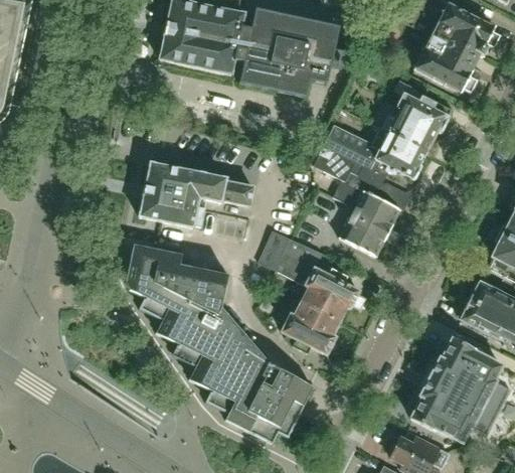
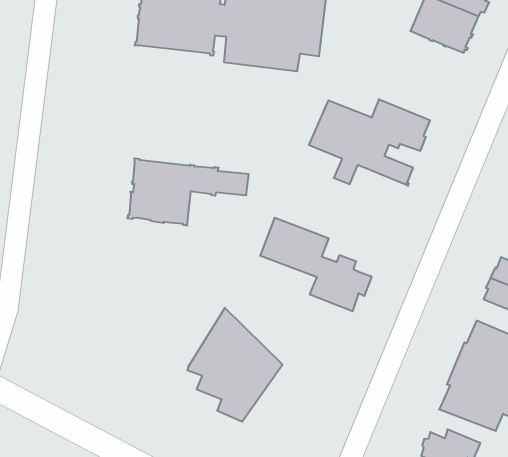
building: [379,81,450,151] -> none
building: [339,190,398,256] -> none
building: [127,243,229,358] -> none
building: [282,301,339,353] -> none
building: [226,363,315,443] -> none

